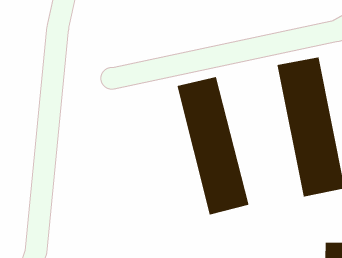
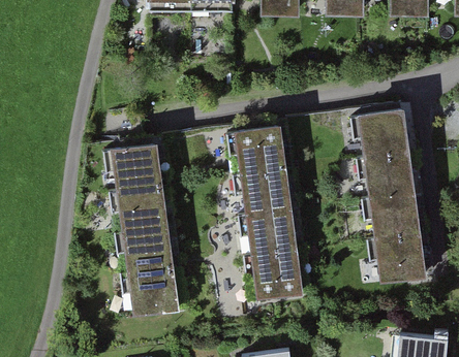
building: none -> [110,145,185,311]

